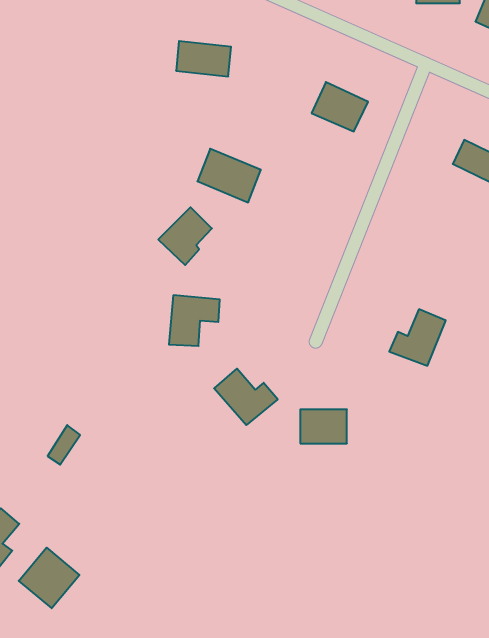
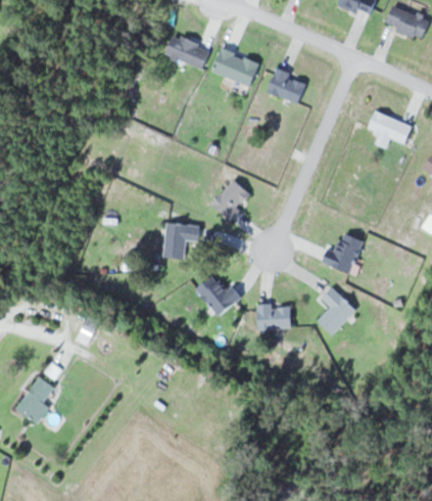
building: [197,149,261,202] -> [212,47,258,86]
building: [158,207,212,265] -> [210,179,249,221]
building: none -> [318,287,355,334]
building: [19,548,79,608] -> none

